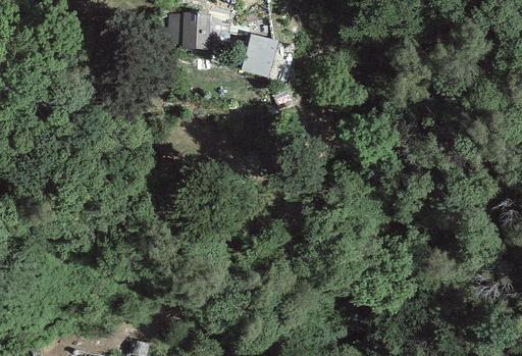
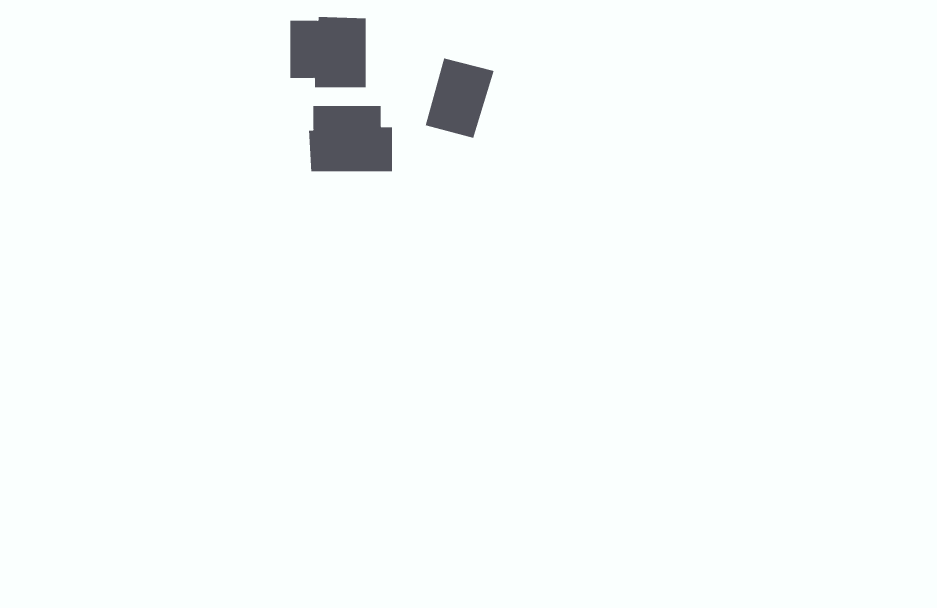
building: none -> [309,105,392,172]

